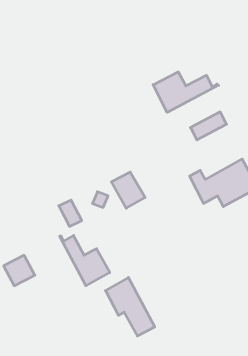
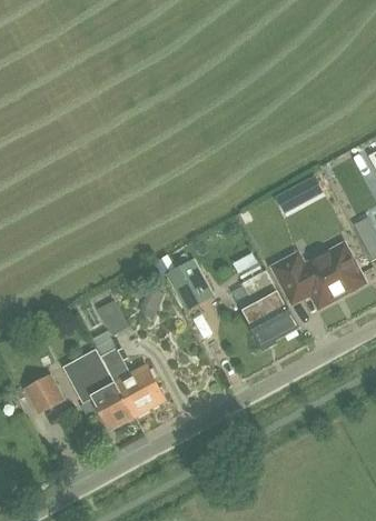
building: [153,72,219,112] -> none
building: none -> [241,270,298,345]
building: [105,277,155,336] -> [66,348,132,427]

